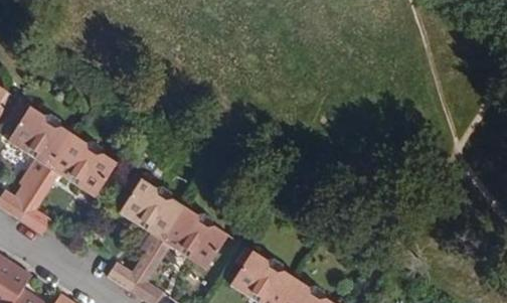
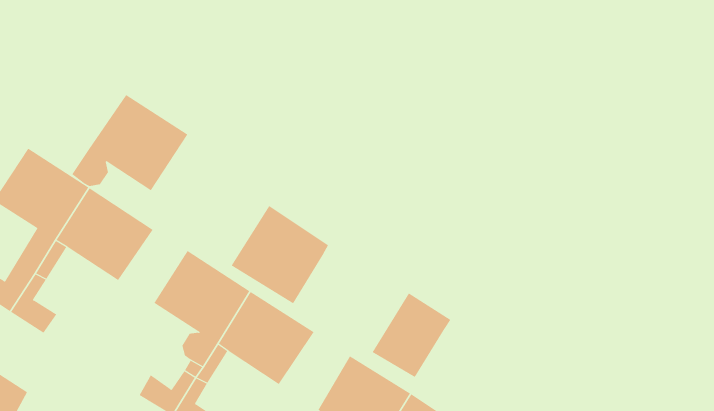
building: none -> [71,94,188,191]
building: none -> [231,205,329,304]
building: none -> [372,292,451,378]

